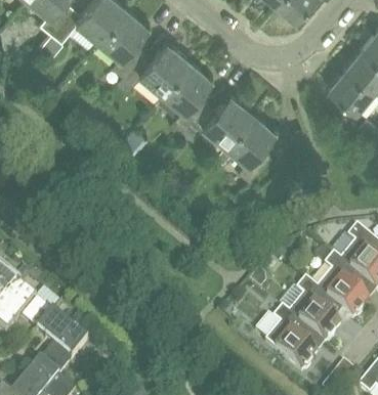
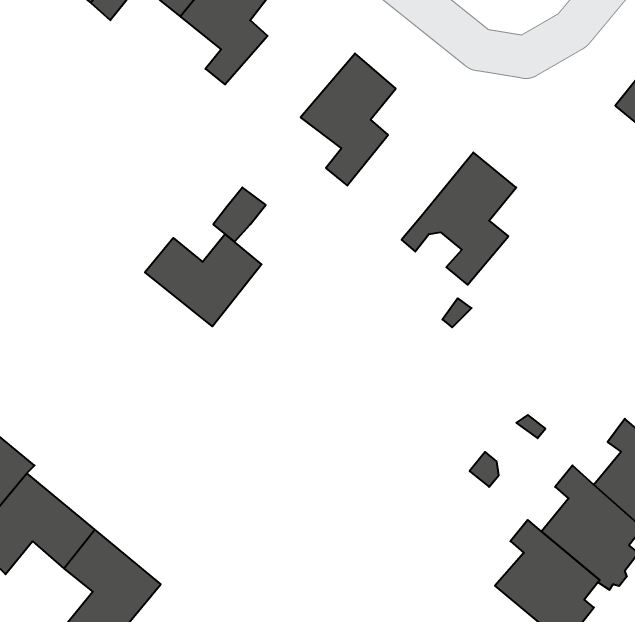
building: [121,43,190,95] -> none
building: [185,95,252,147] -> none
building: none -> [145,234,262,326]

